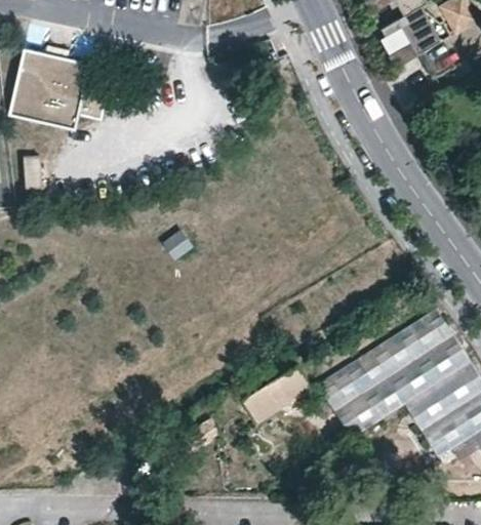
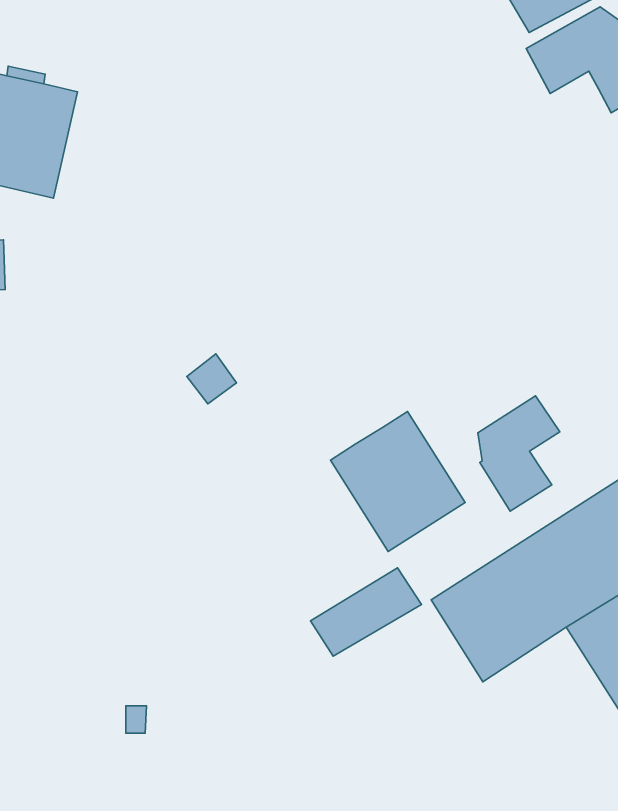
building: none -> [478,396,560,511]
building: none -> [330,411,465,552]

